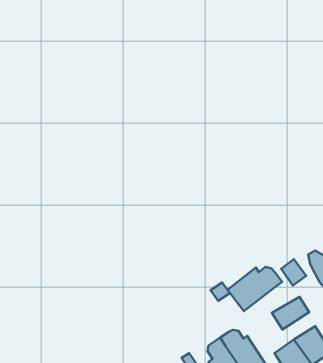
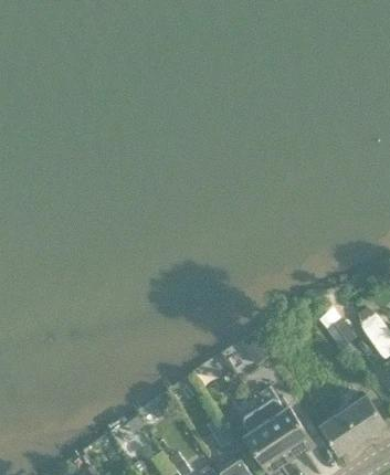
building: [227,267,282,311] -> none
building: [272,297,309,329] -> none

